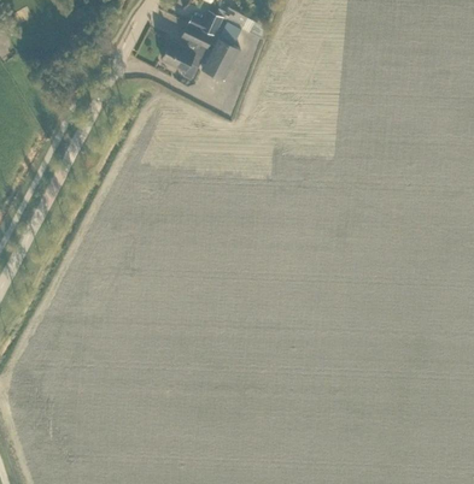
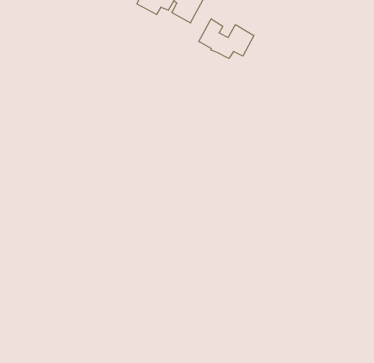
building: none -> [199,19,254,58]

